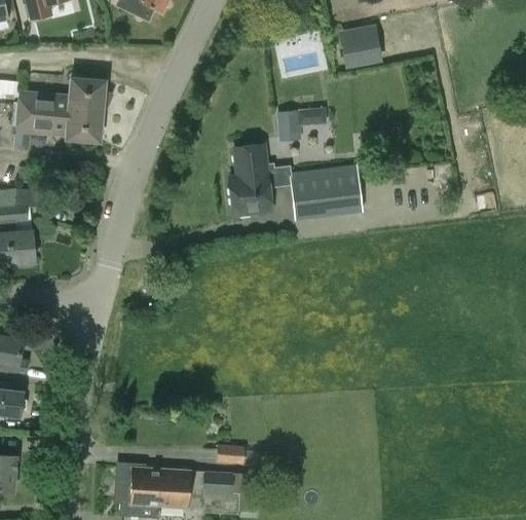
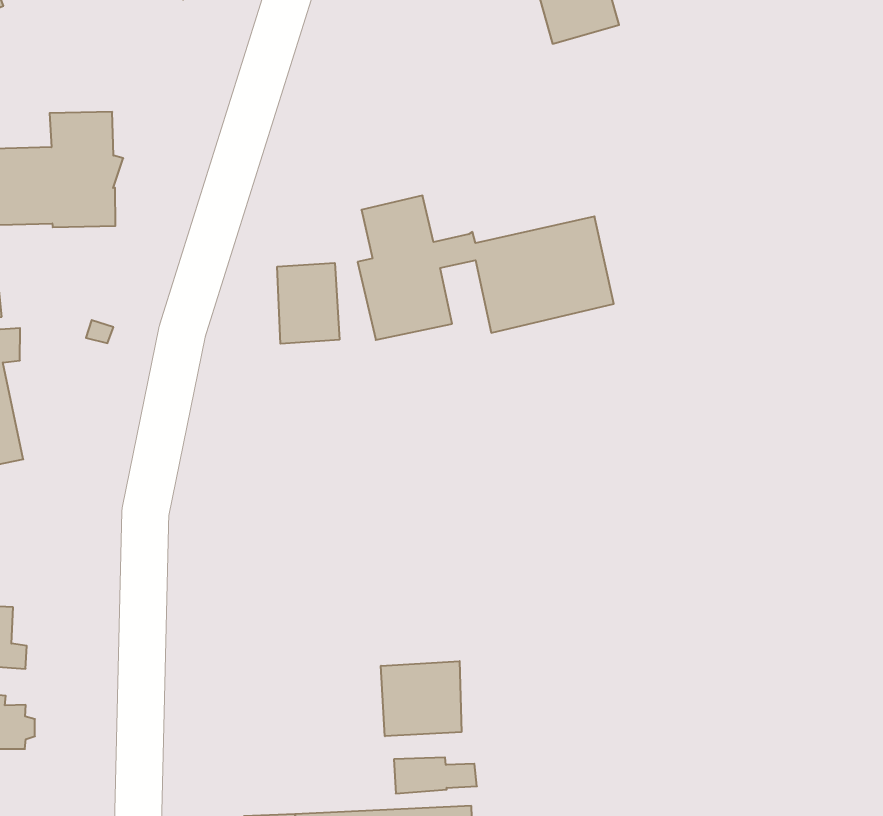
building: [275,108,326,141] -> none
building: none -> [277,263,339,344]
building: none -> [381,661,461,736]

